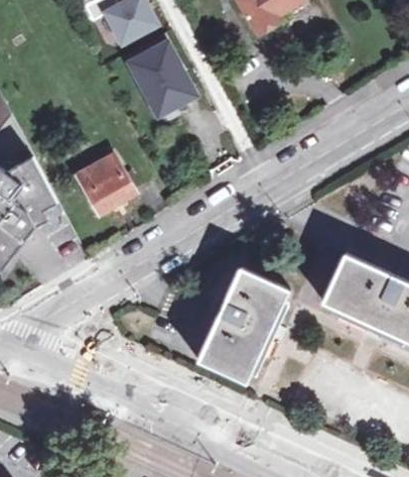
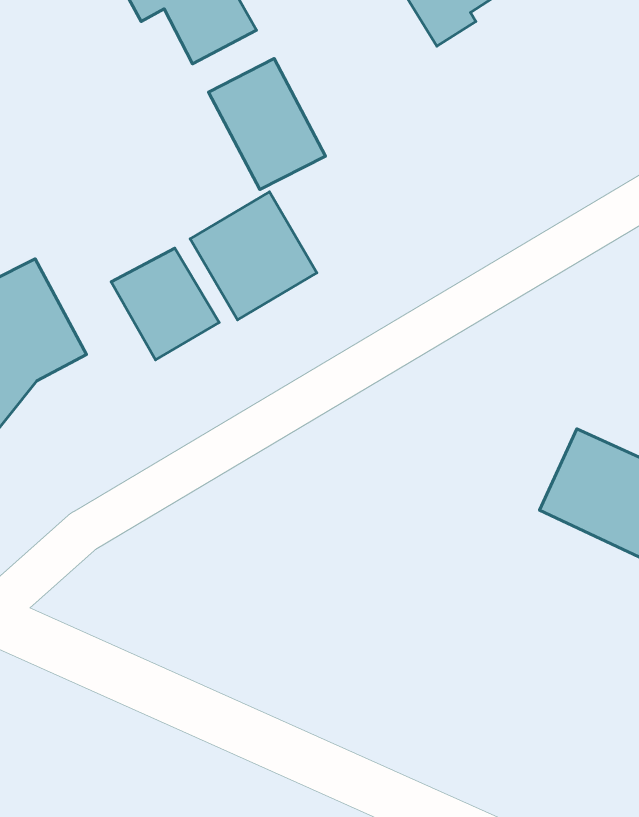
building: none -> [190,192,317,320]
building: [193,261,284,376] -> none

